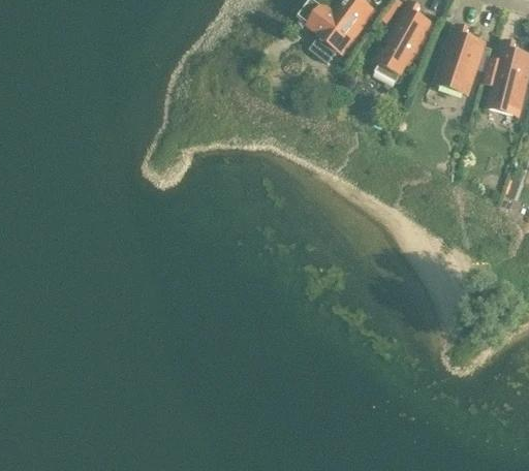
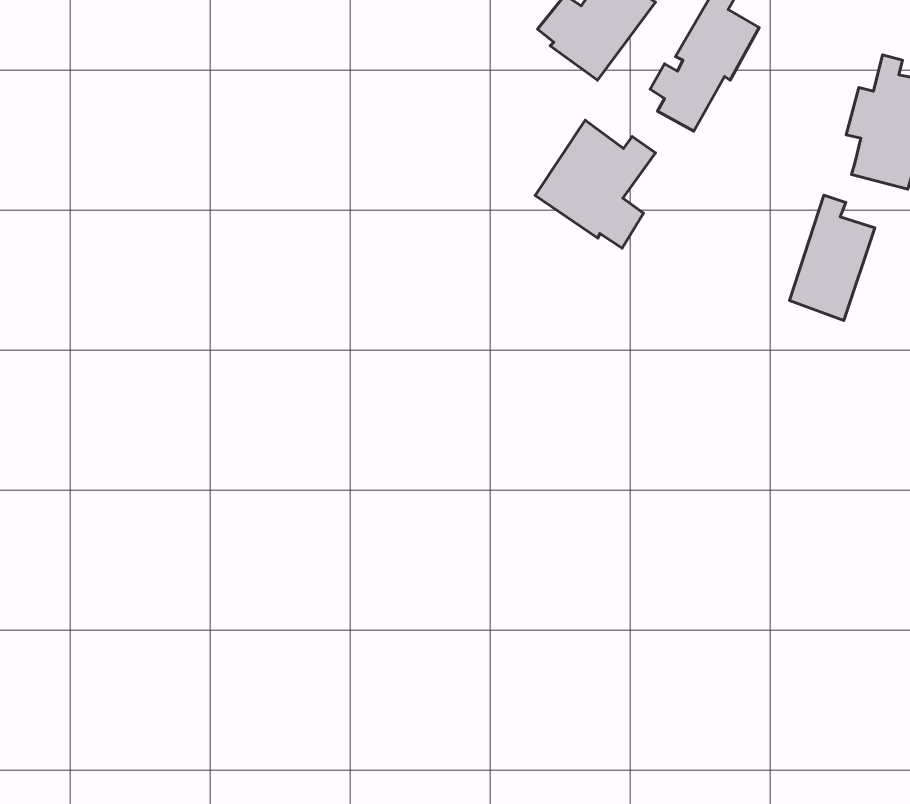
building: [436,23,485,94] -> [789,195,875,320]
building: none -> [535,120,656,248]

